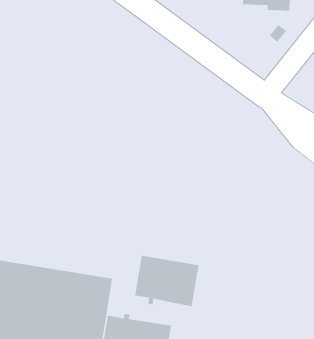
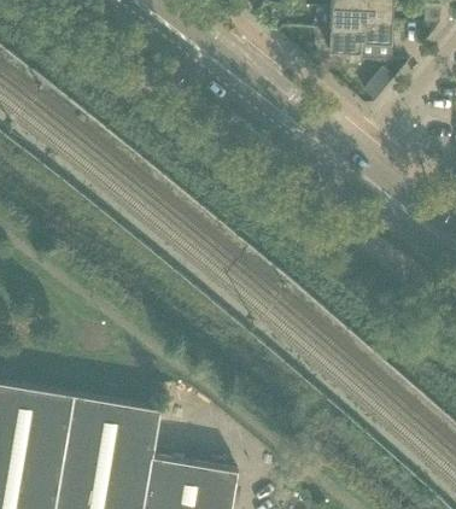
building: [134,255,200,307] -> none

